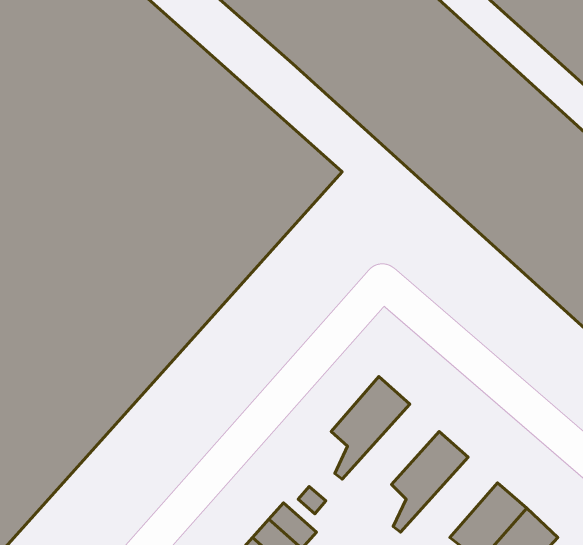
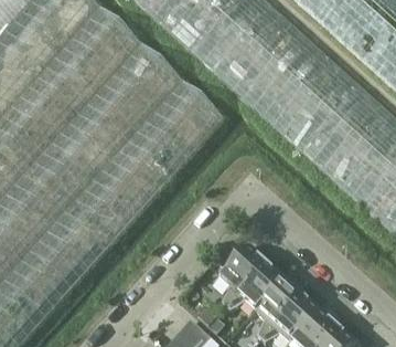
building: none -> [225,257,283,307]
building: none -> [260,290,319,338]

